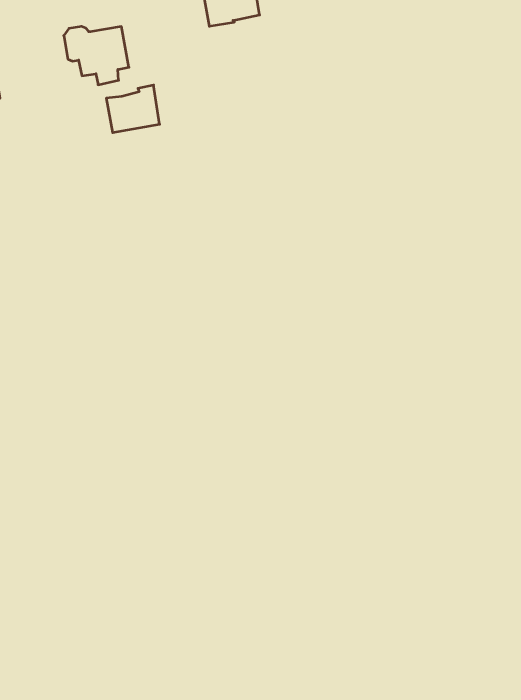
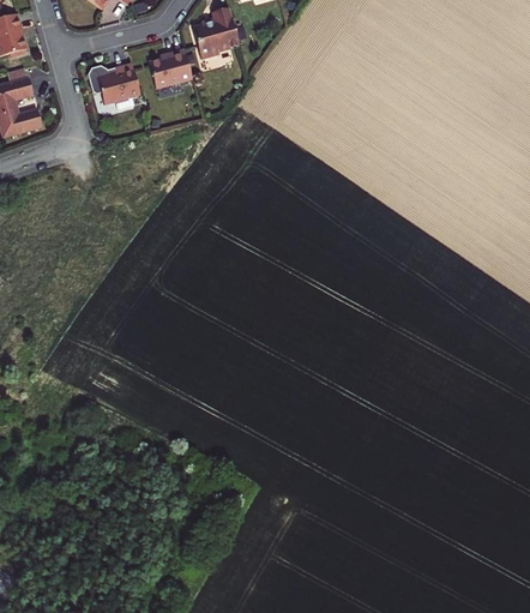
building: [106,85,160,133] -> [149,48,192,88]

